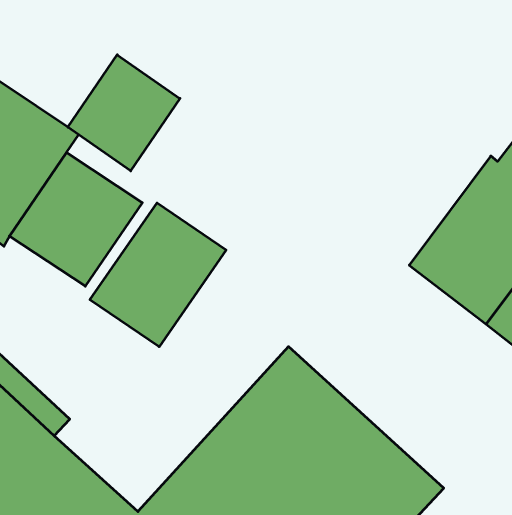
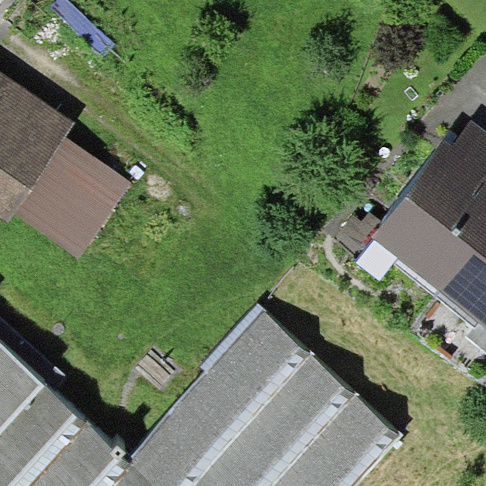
building: [68,55,180,171] -> none
building: [90,203,226,347] -> none

